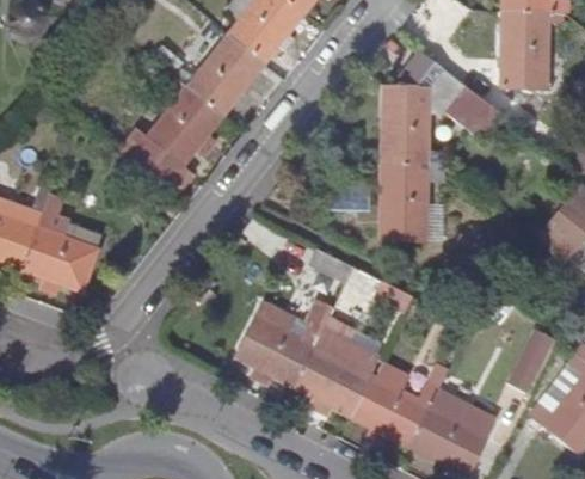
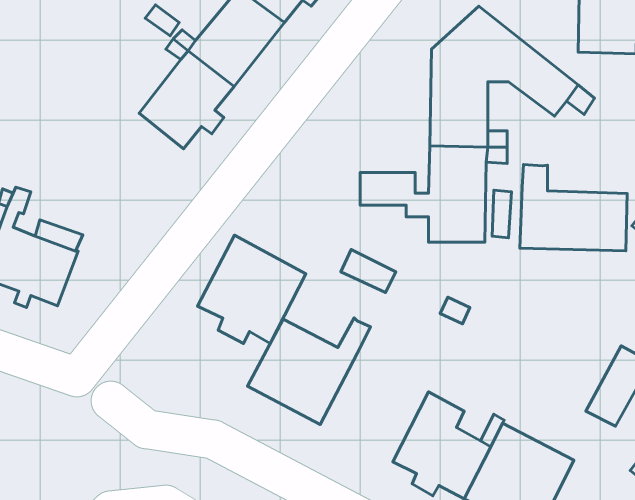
building: [117,128,192,197] -> none
building: none -> [520,165,627,251]
building: [292,330,380,417] -> [197,235,306,343]

